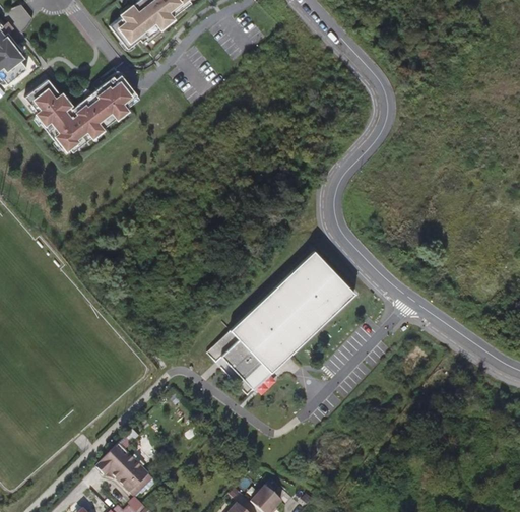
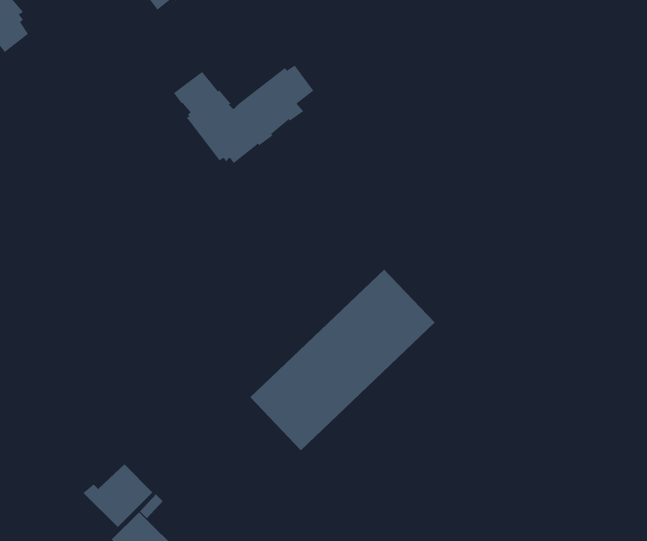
building: [27,73,139,151] -> [173,65,314,164]
building: none -> [83,464,153,528]

